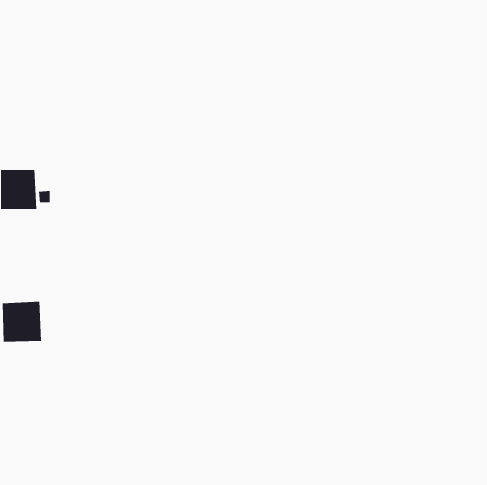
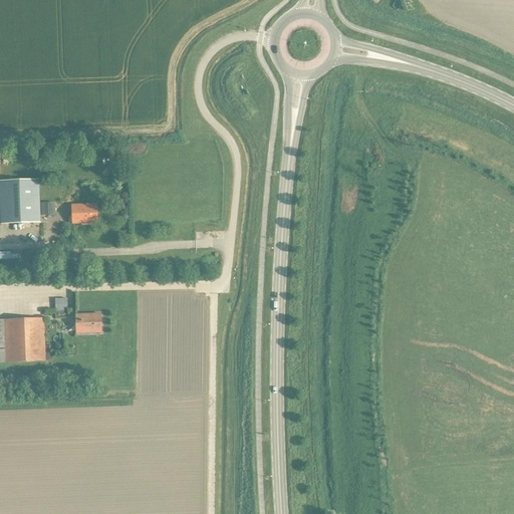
building: none -> [70,203,96,222]
building: none -> [74,312,99,332]

